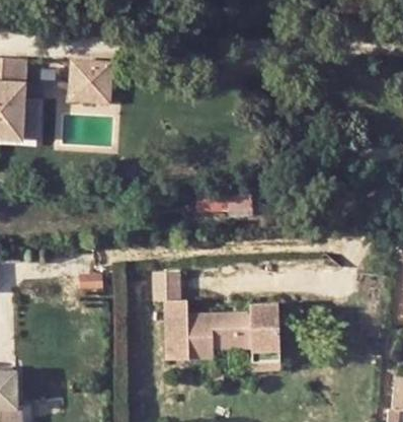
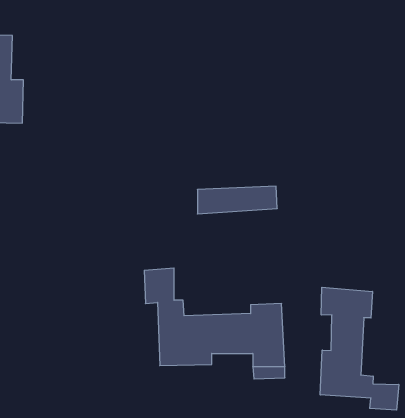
building: [62,65,99,103] -> none
building: none -> [320,287,399,410]

